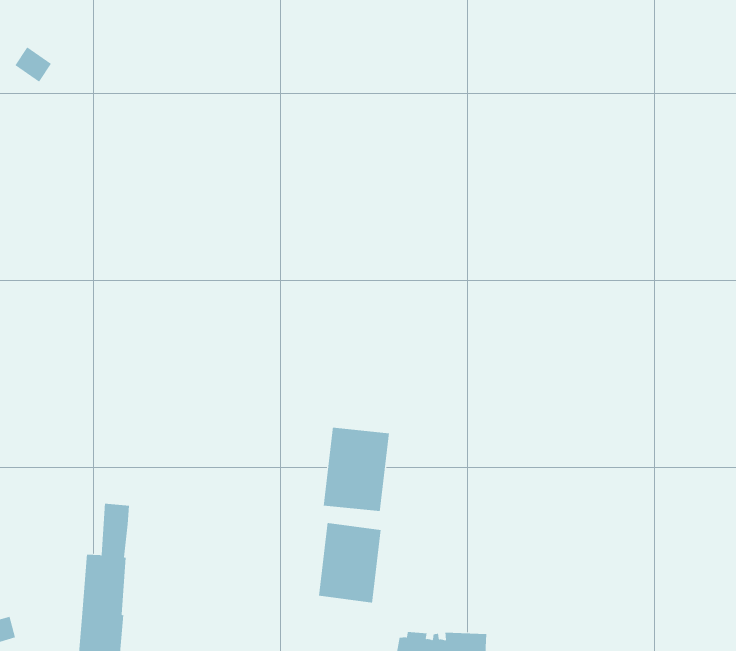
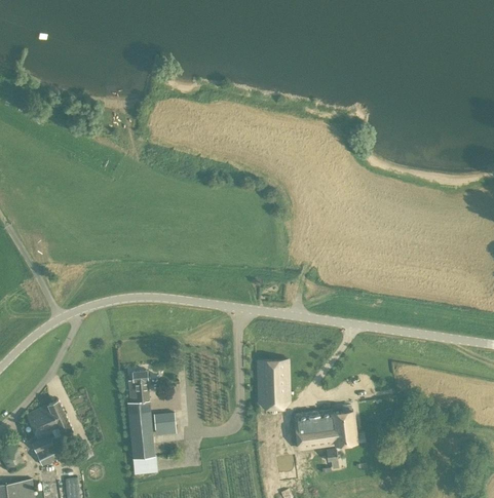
building: [323,427,390,512] -> none
building: none -> [153,413,175,436]

